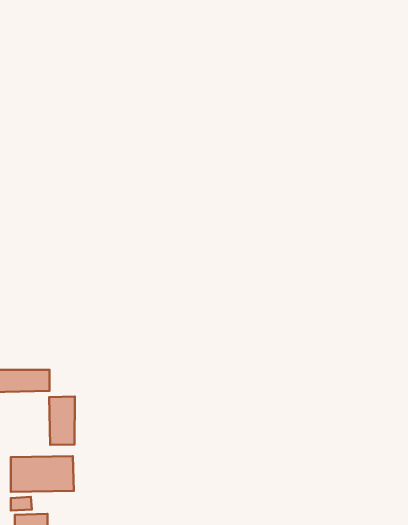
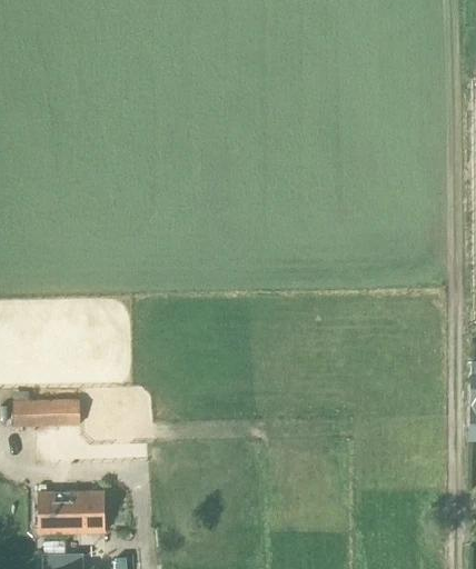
building: [49,397,75,445] -> none

